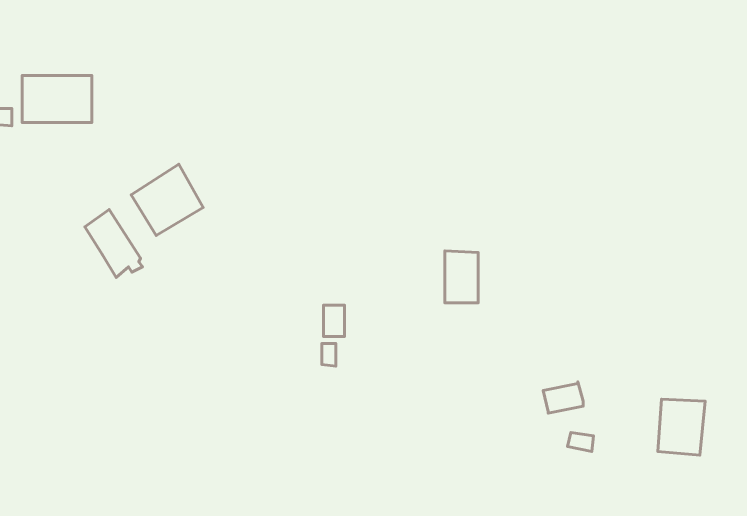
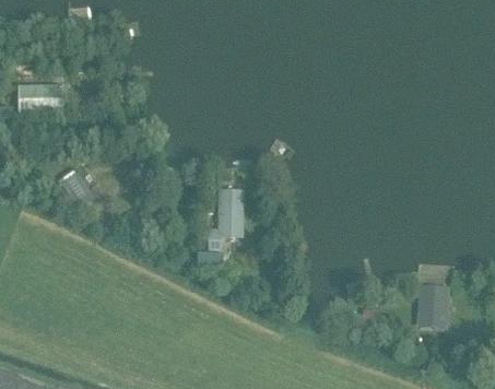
building: [131,164,203,235] -> none
building: [445,251,478,303] -> [221,190,241,223]

